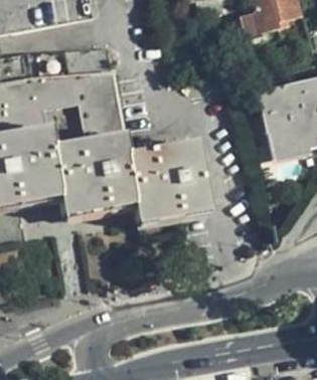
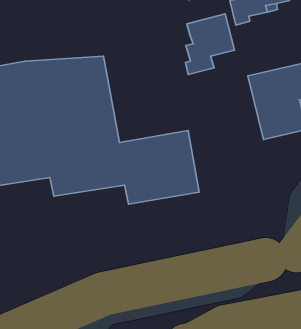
building: none -> [185,14,234,75]

